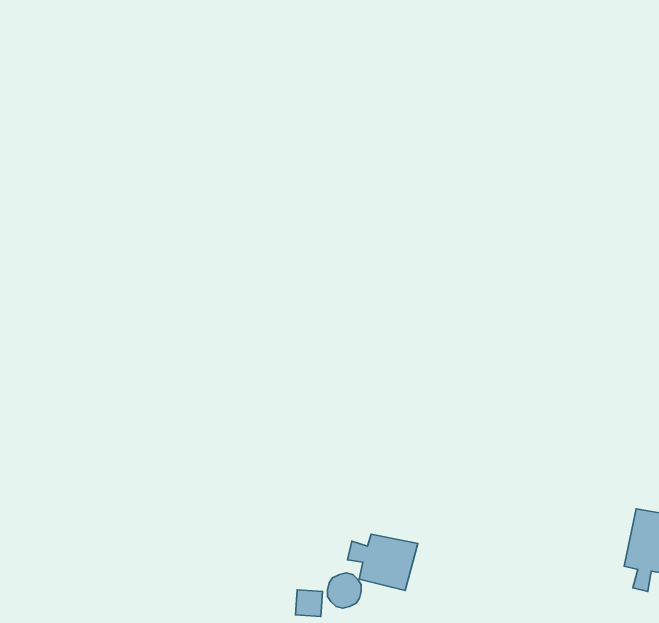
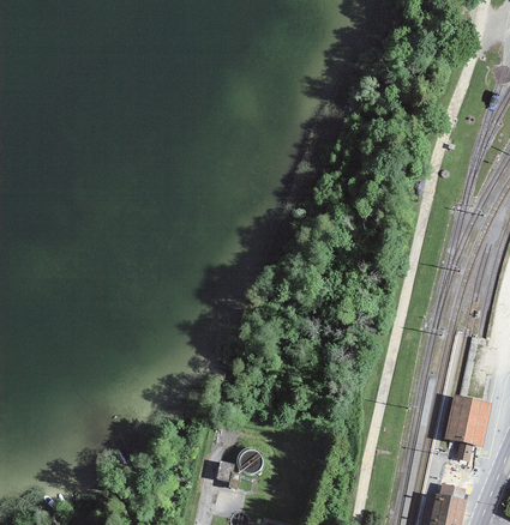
building: [347,534,418,590] -> none

